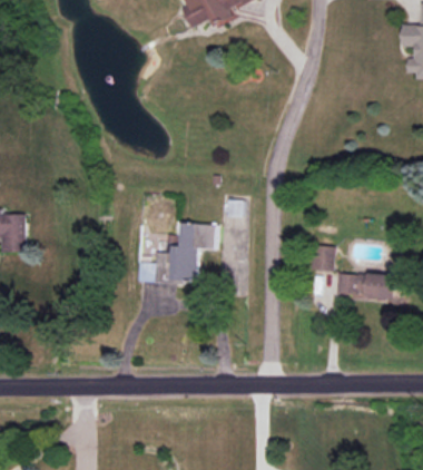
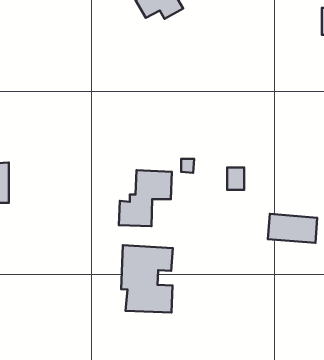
building: [315,247,335,274] -> [227,168,244,190]
building: none -> [121,245,173,313]

